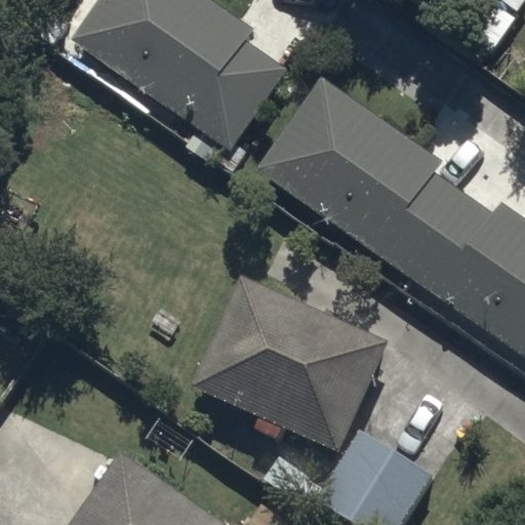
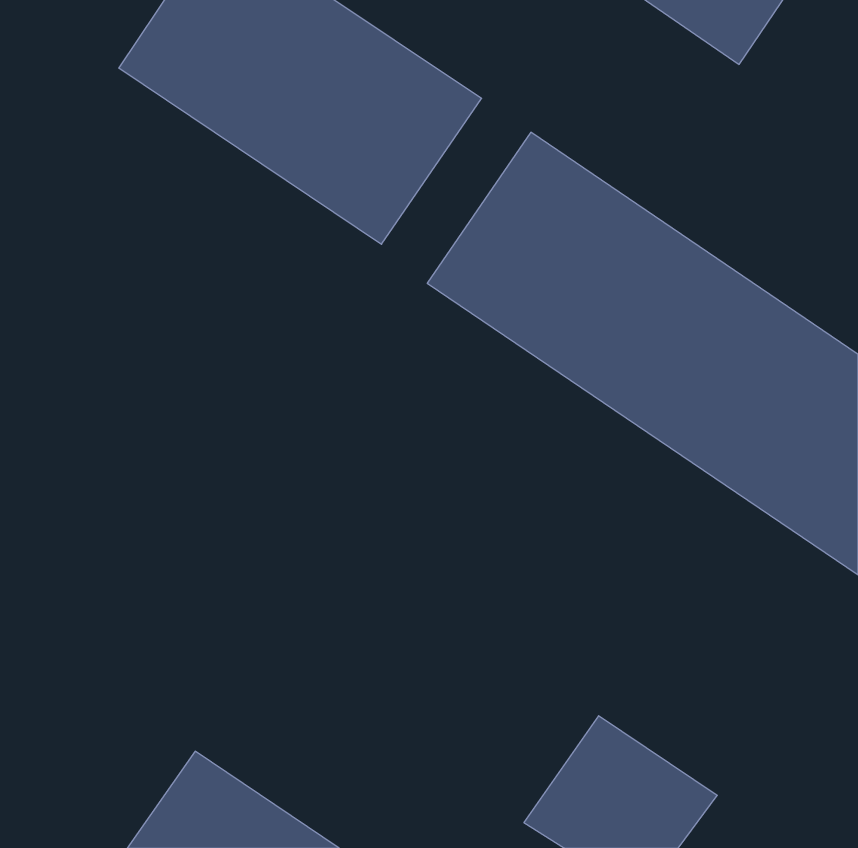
building: [189,278,388,457] -> none

